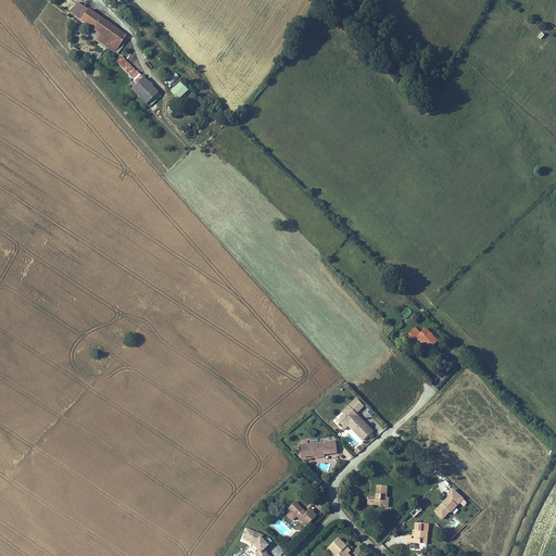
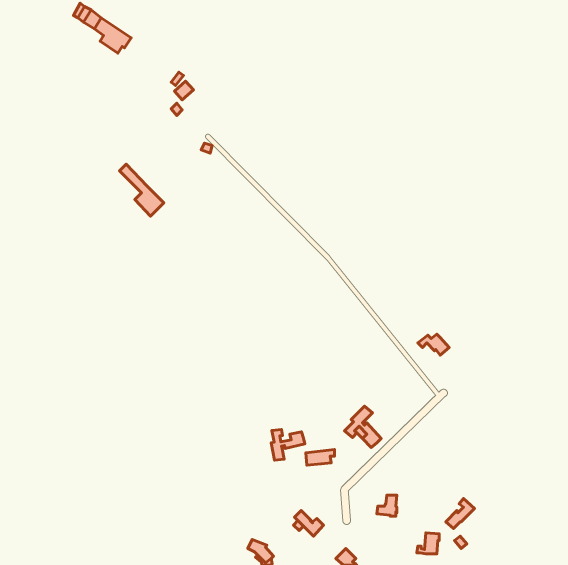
building: [116,54,160,105] -> [119,164,164,216]
building: none -> [271,430,305,460]

